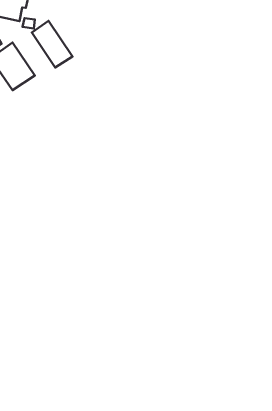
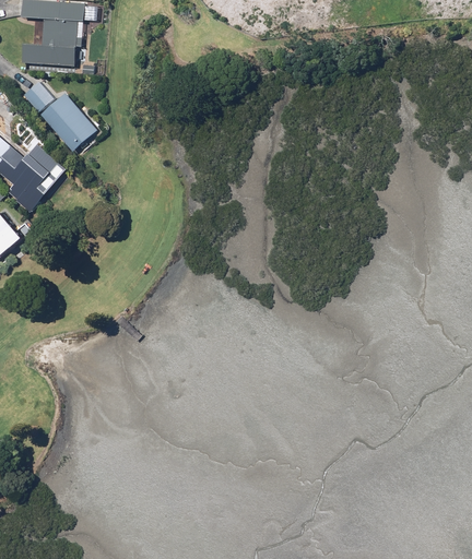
building: [32,21,73,68] -> none

